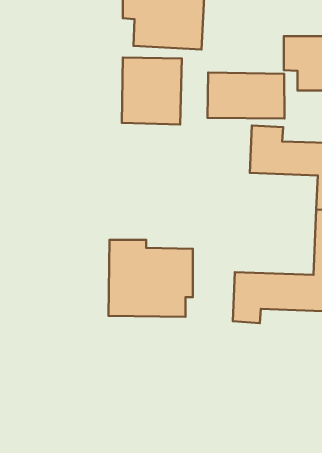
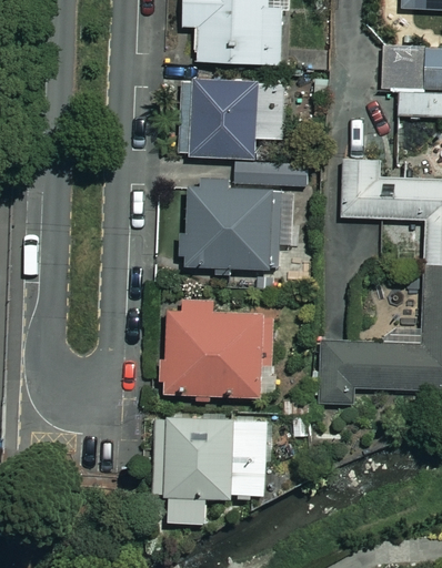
building: [207,73,285,118] -> none
building: none -> [185,163,303,270]
building: none -> [155,418,267,524]

